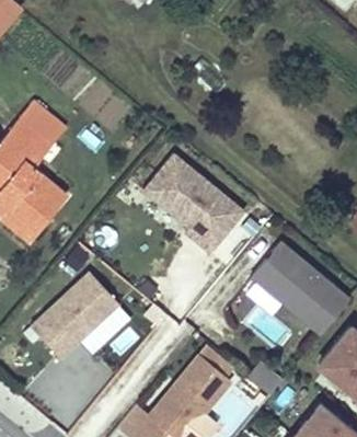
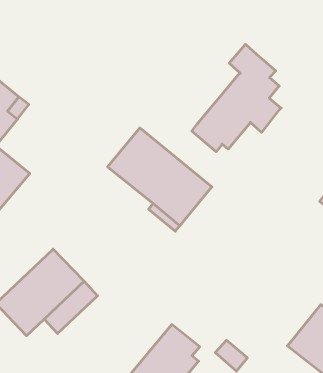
building: none -> [192,44,281,152]
building: [253,243,350,334] -> none

